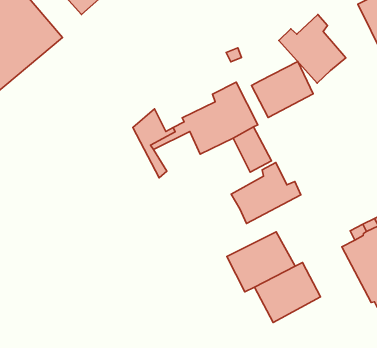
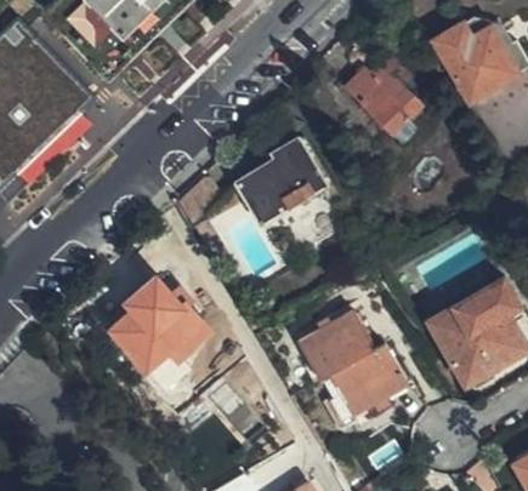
building: [251,61,313,118] -> none
building: [231,163,301,223] -> none
building: none -> [112,280,206,378]

